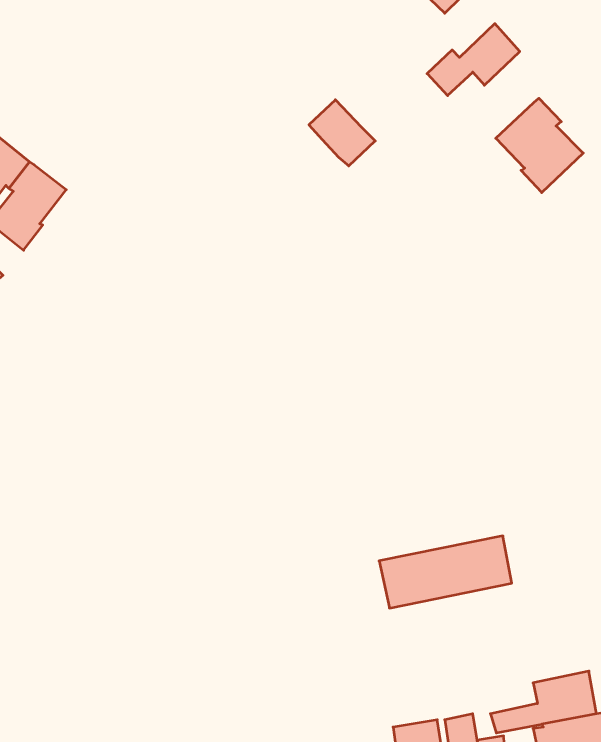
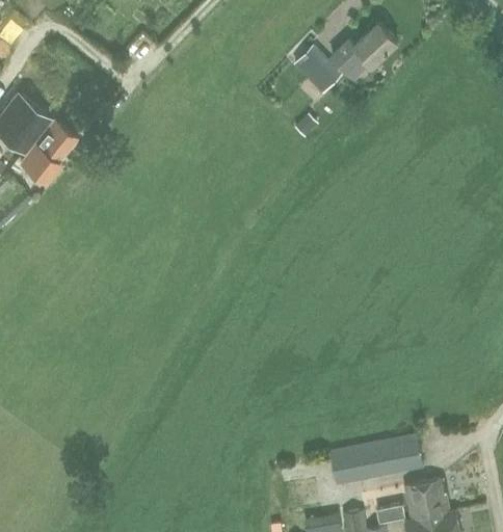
building: [496,98,583,193] -> none
building: [309,100,375,166] -> [293,47,340,94]
building: [379,536,512,608] -> [328,435,422,486]

